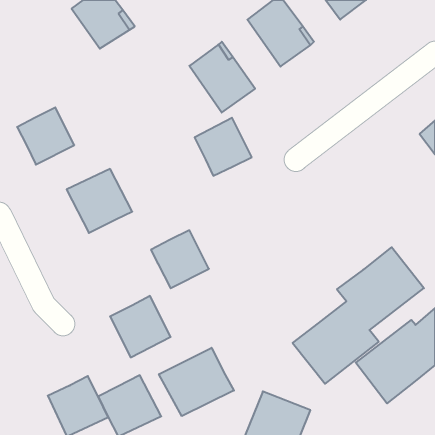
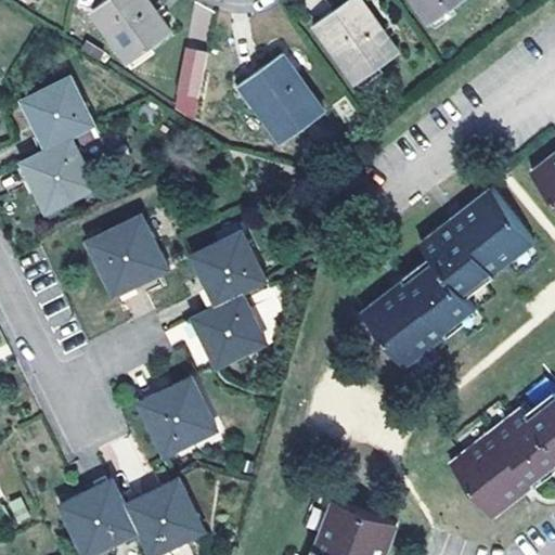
building: none -> [170,48,207,117]
building: none -> [21,76,94,151]
building: [195,118,252,176] -> [192,232,264,306]
building: [293,247,424,384] -> [364,190,531,363]
building: [159,348,234,416] -> none

